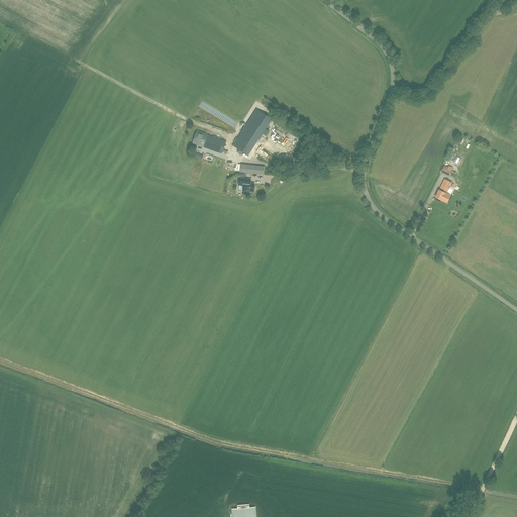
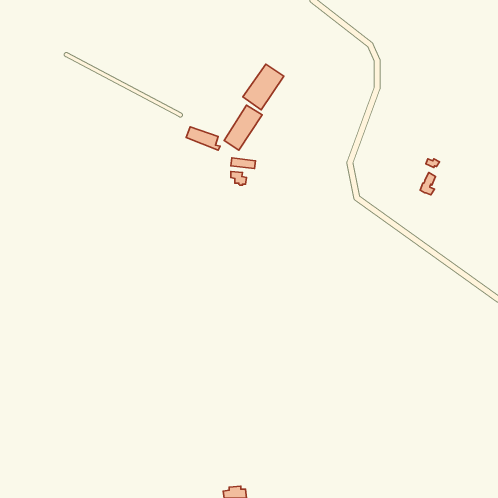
building: none -> [243,64,284,110]

